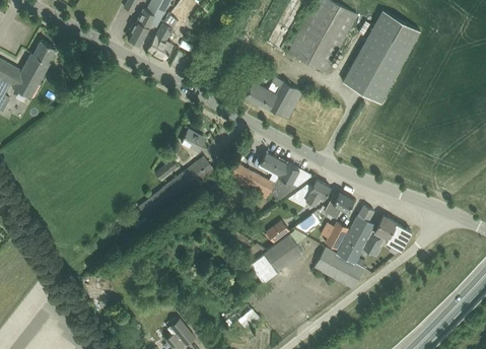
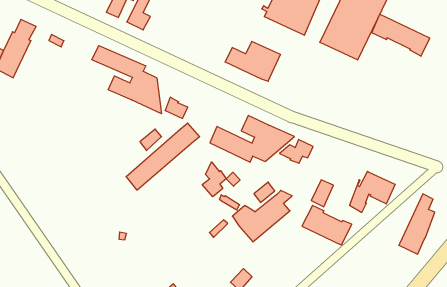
building: none -> [372,14,430,56]
building: none -> [92,46,161,114]
building: [324,192,354,219] -> none
building: none -> [202,162,226,197]
building: [336,205,374,266] -> [399,194,435,254]

